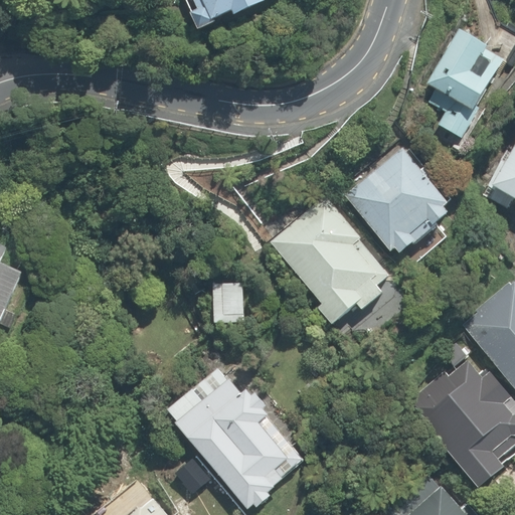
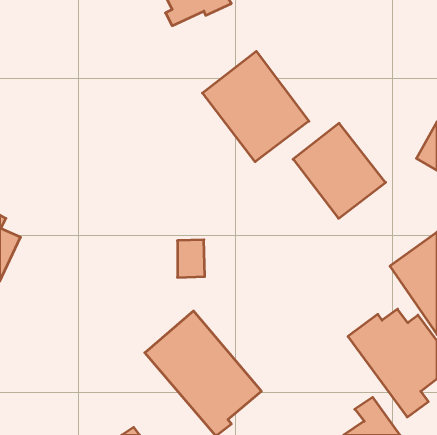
building: [424,30,508,138] -> none
building: none -> [202,51,309,162]
building: [268,198,391,325] -> none

